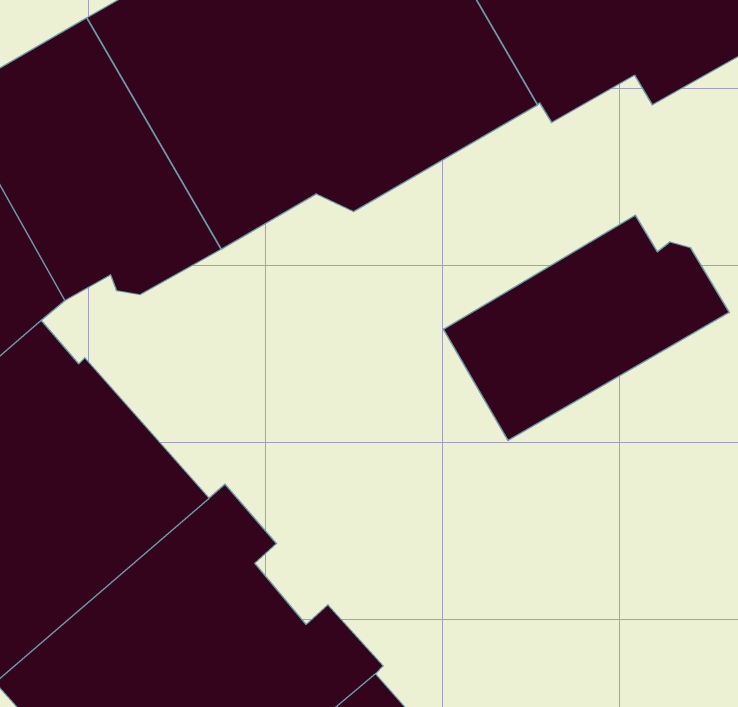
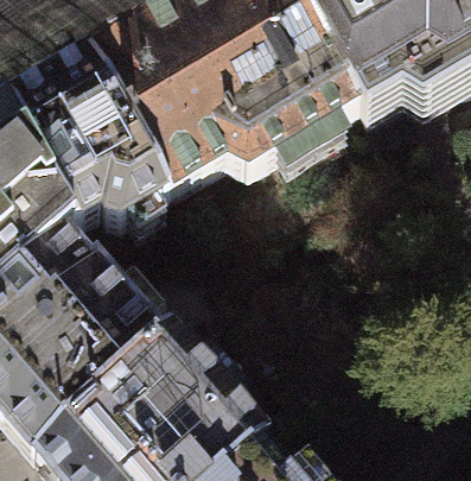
building: [443,215,729,441] -> none

